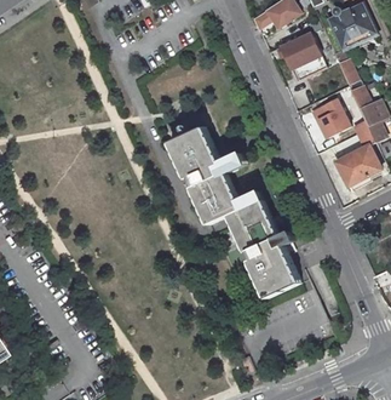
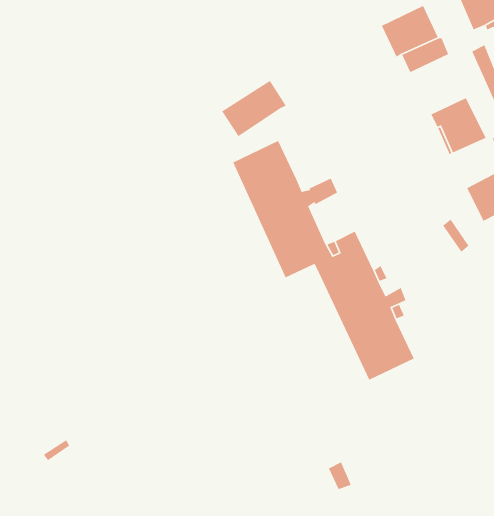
building: none -> [221,80,287,137]

